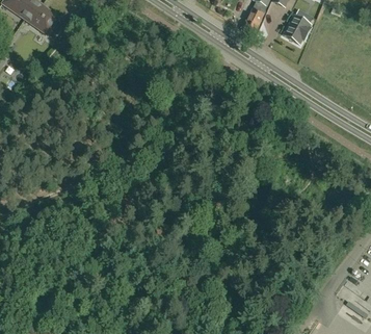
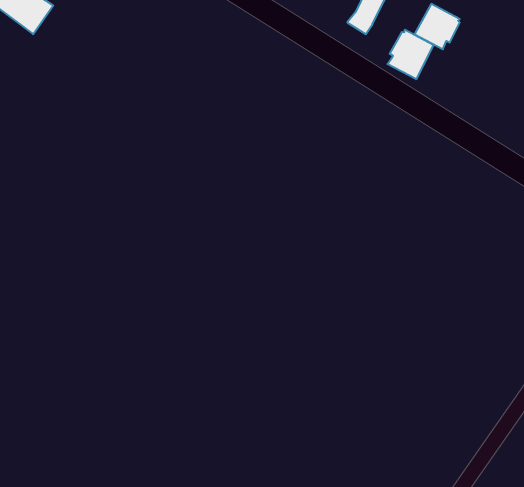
building: none -> [387,30,434,79]

